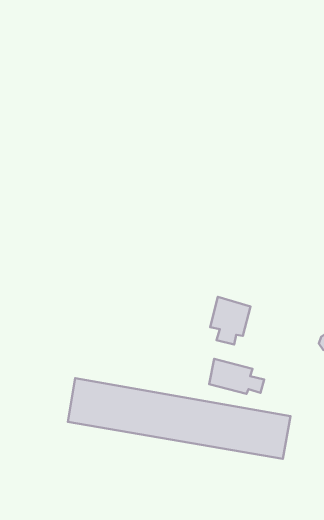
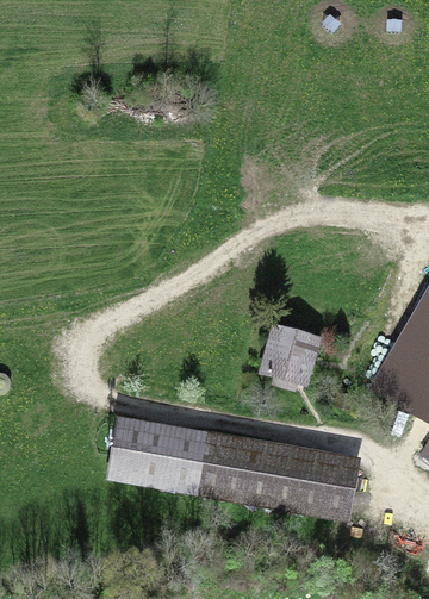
building: [209,359,264,394] -> none

